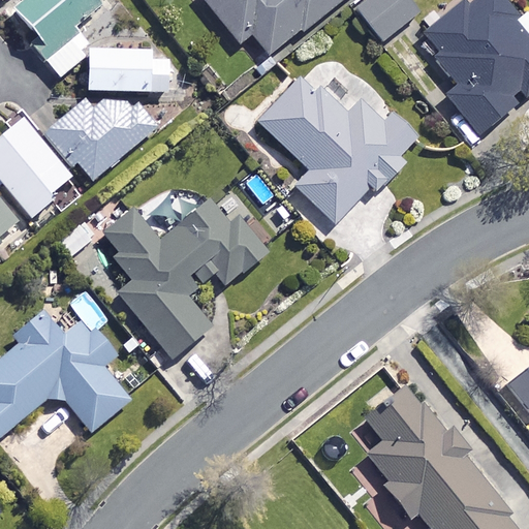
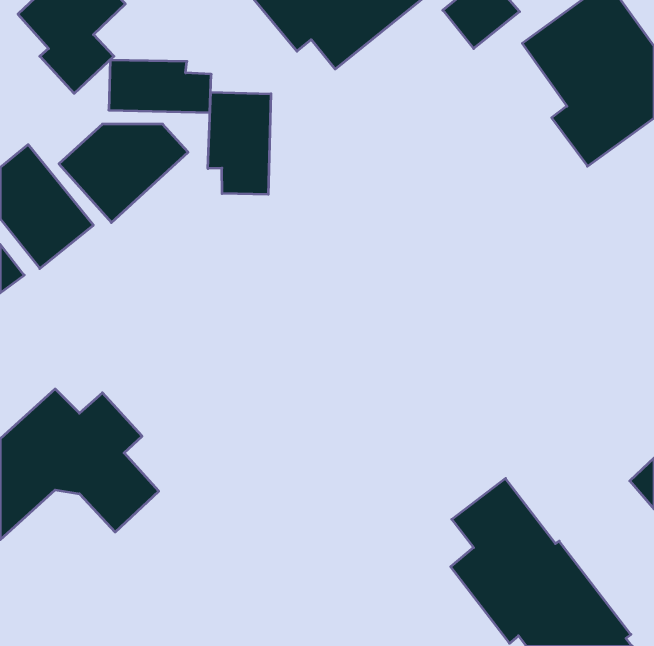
building: [256,71,417,223] -> none
building: none -> [208,92,271,194]
building: [93,174,283,357] -> none

